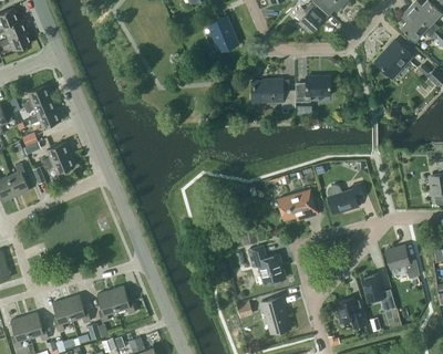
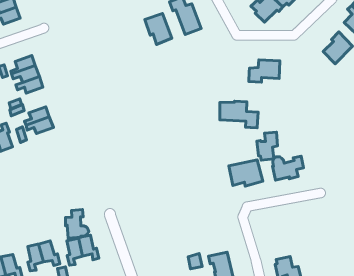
building: none -> [145,13,172,44]
building: [250,80,295,108] -> [220,101,258,128]
building: none -> [257,132,278,160]
building: [384,246,419,279] -> none
building: [247,247,285,284] -> none
building: none -> [65,209,89,238]
building: [360,274,394,312] -> none

